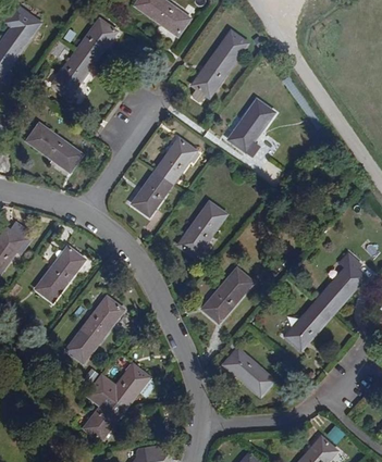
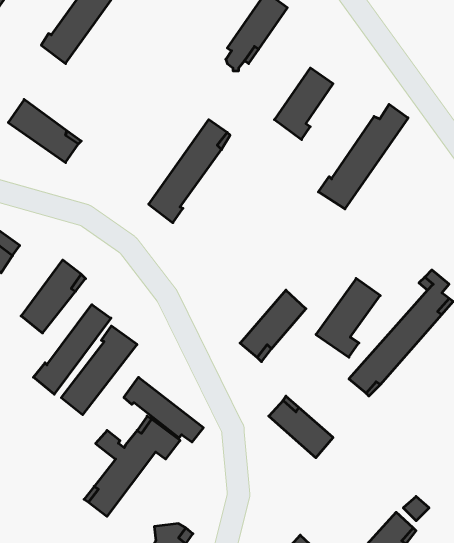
building: none -> [318,104,408,209]
building: [177,201,226,261] -> [316,278,380,357]
building: none -> [33,305,111,394]
building: none -> [124,377,203,442]

